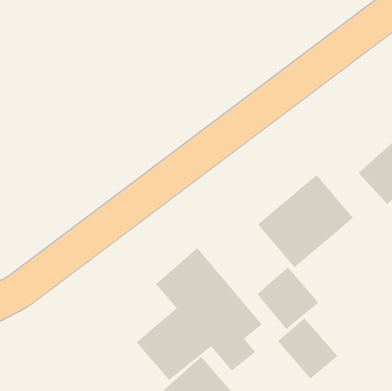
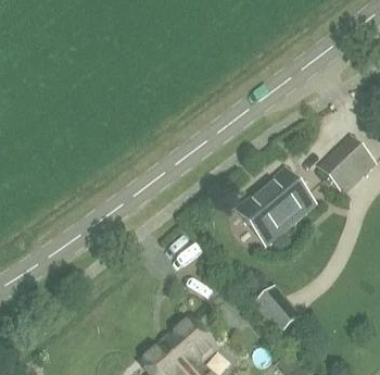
building: [136,247,263,381] -> none
building: [257,267,319,330] -> none

